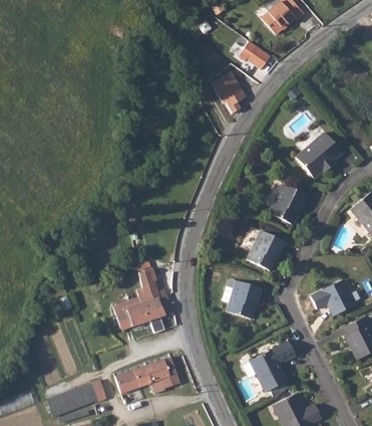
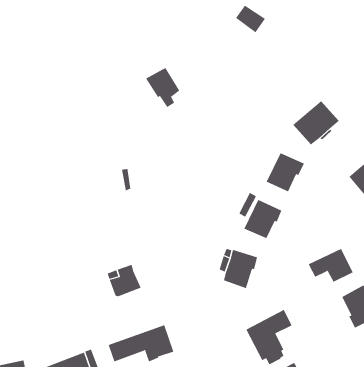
building: [211,71,245,112] -> [145,67,180,108]
building: [136,270,173,333] -> none

